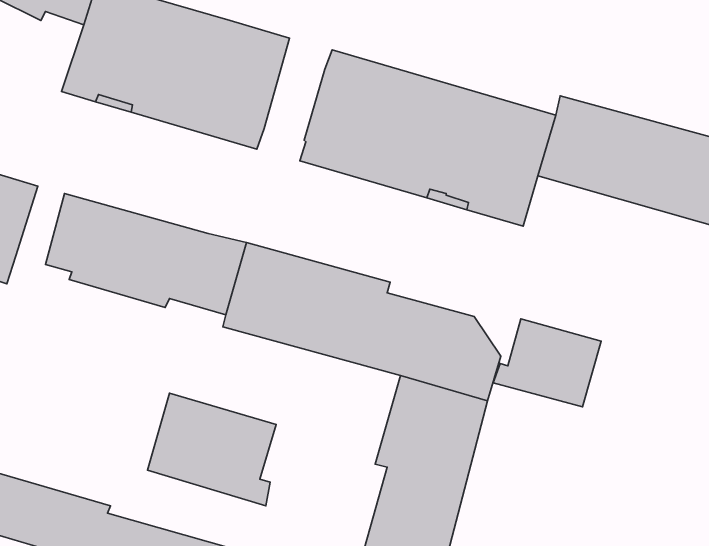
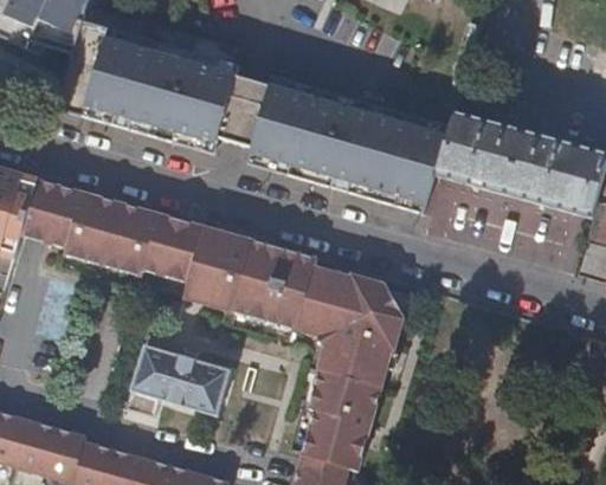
building: none -> [215,63,270,144]
building: none -> [17,181,56,244]
building: [493,319,601,407] -> none

